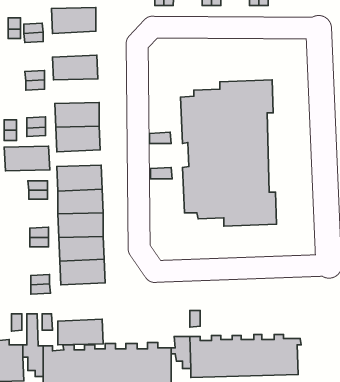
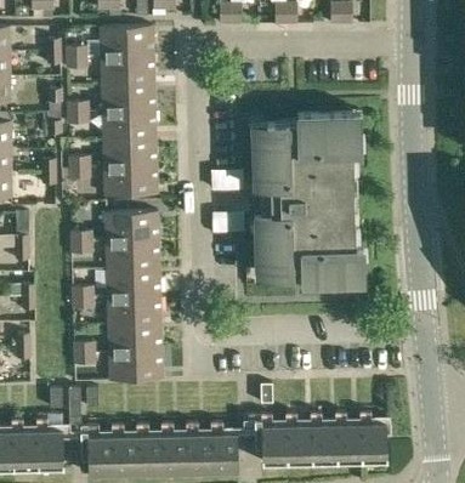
building: none -> [100,56,152,86]
building: [4,146,50,171] -> [101,112,154,141]
building: [58,319,103,345] -> [109,352,163,382]

